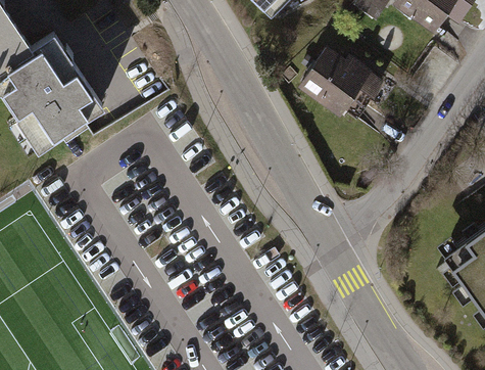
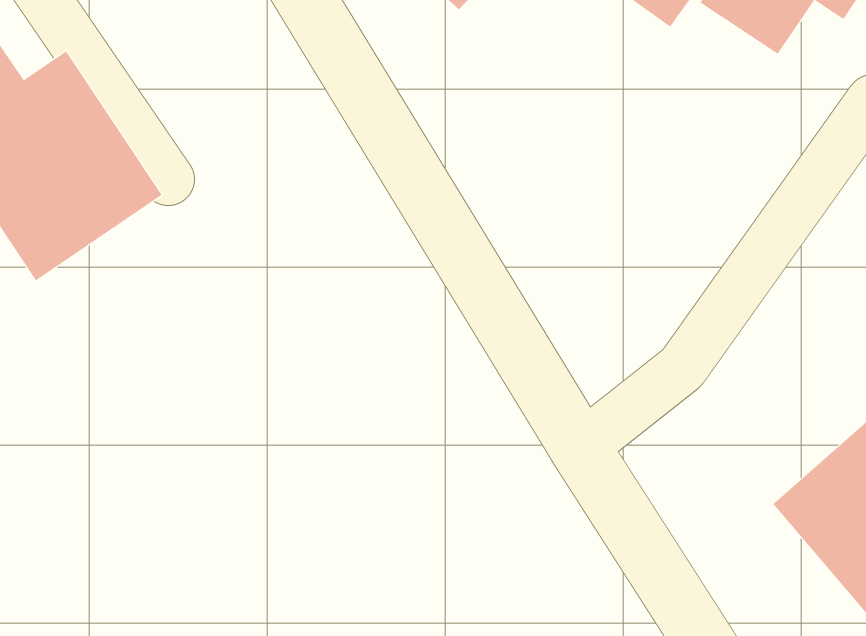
building: [297,46,387,118] -> none

